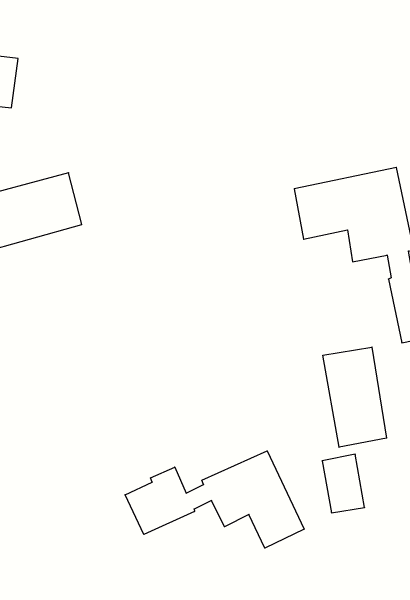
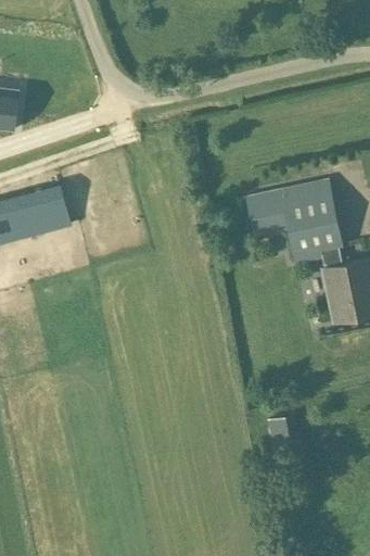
building: [323,347,387,447] -> none
building: [125,451,304,548] -> none

